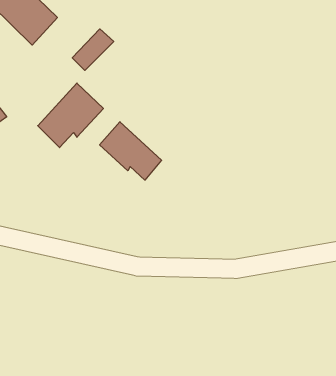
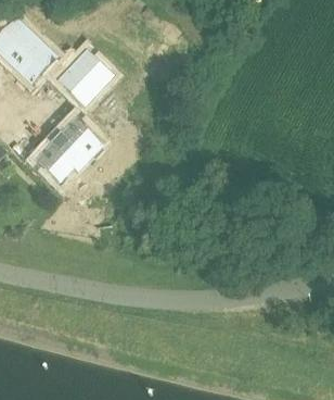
building: none -> [57,54,97,93]
building: [100,122,162,180] -> none

